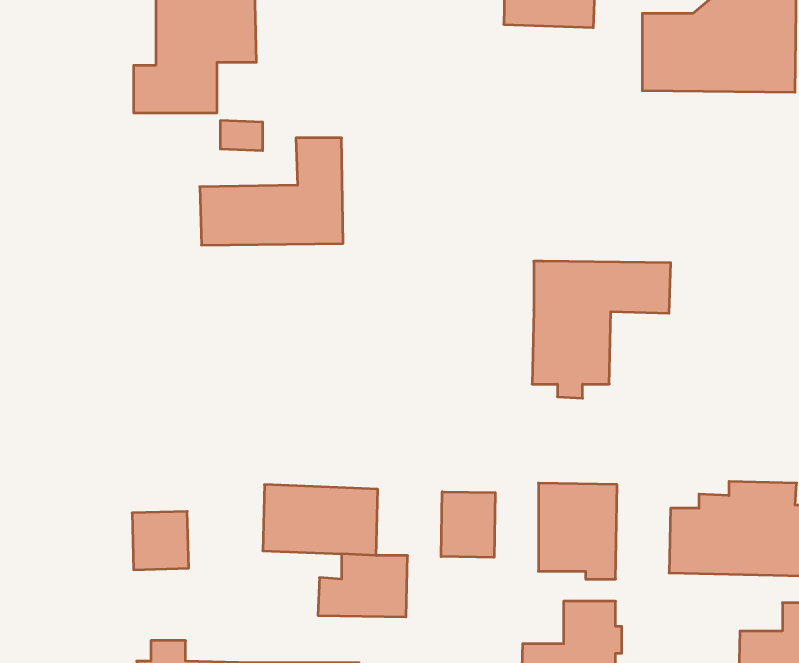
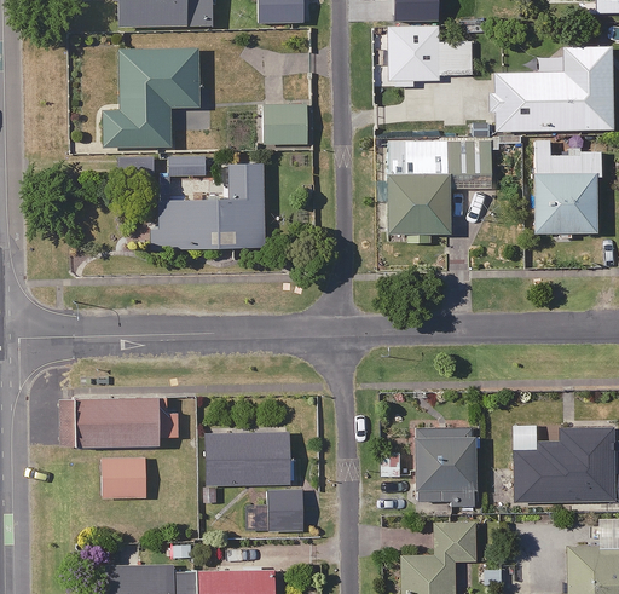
building: none -> [260,104,311,144]
building: none -> [533,137,601,238]
building: [532,261,671,398] -> [388,139,494,244]
building: none -> [60,399,178,446]
building: [441,492,495,557] -> none

